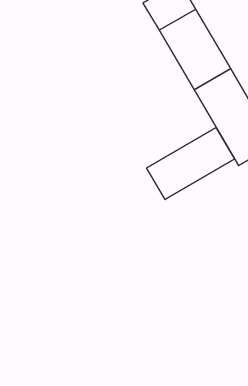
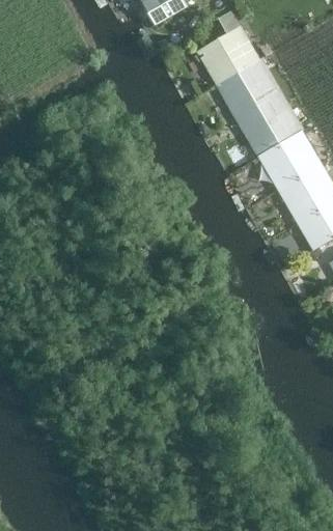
building: [147,127,235,200] -> none

